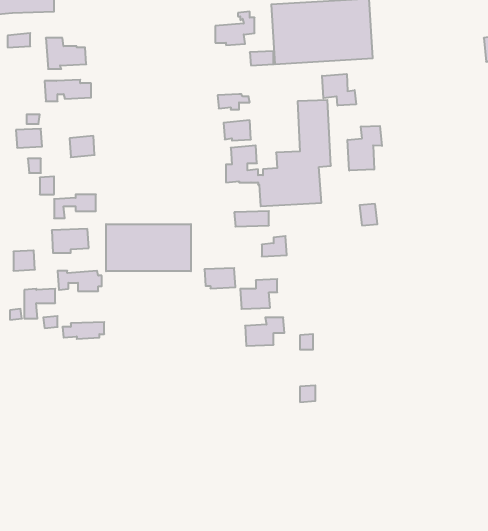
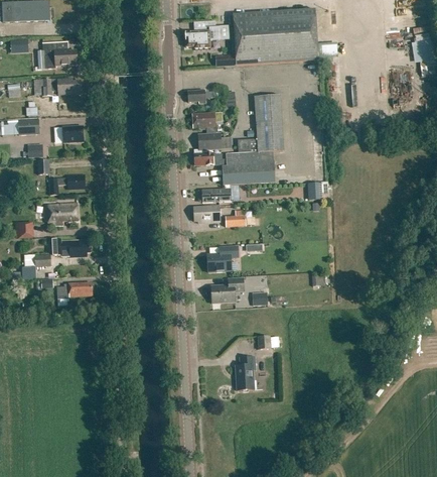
building: [322,74,356,106] -> none
building: [348,126,382,171] -> none
building: [106,224,191,271] -> none
building: [204,268,235,288] -> [193,205,220,222]
building: none -> [236,355,255,389]

